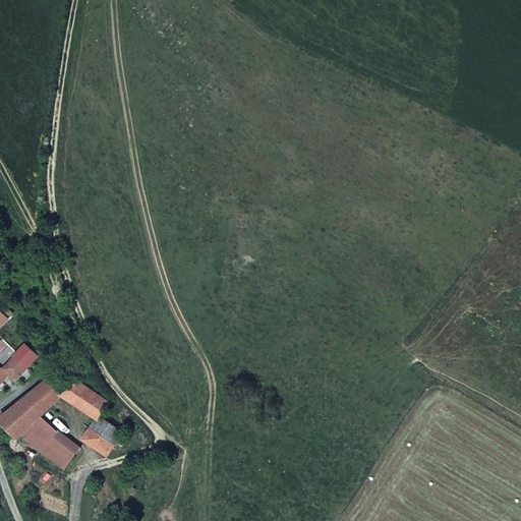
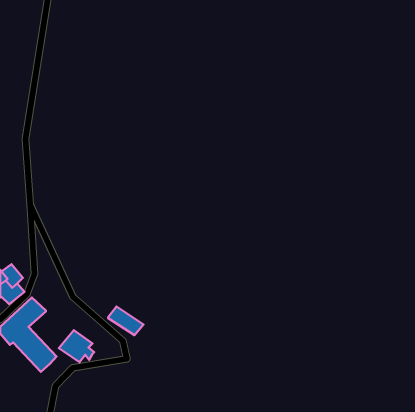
building: [61,381,105,416] -> [108,307,143,335]

